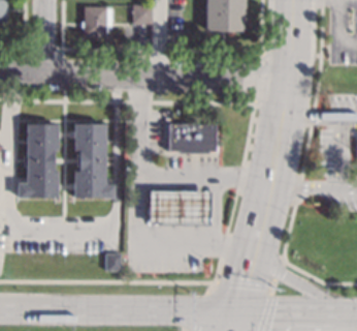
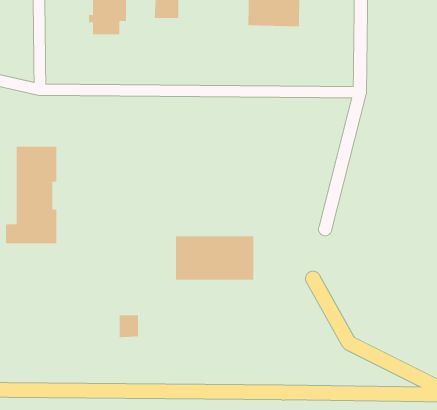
building: [169,122,217,153] -> none
building: [74,123,115,199] -> none

